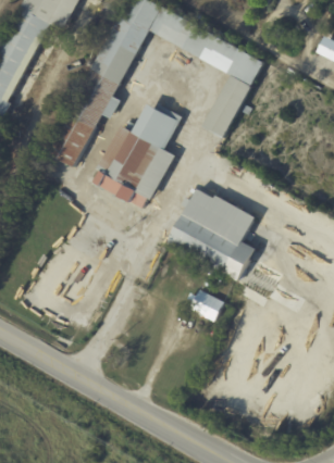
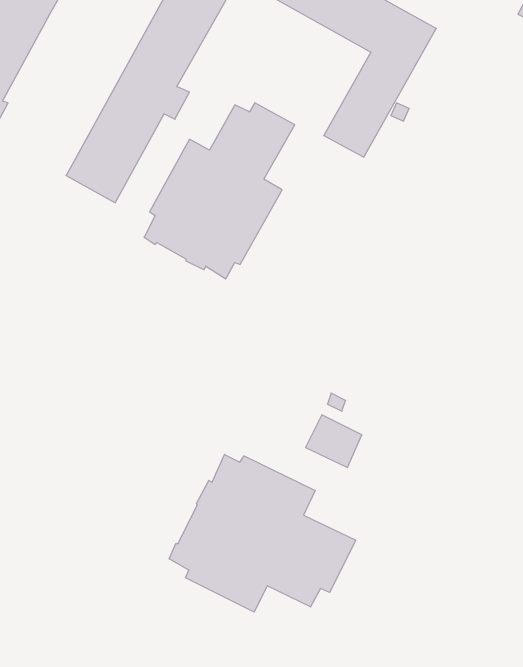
building: [168,189,256,281] -> none
building: none -> [169,454,356,612]

